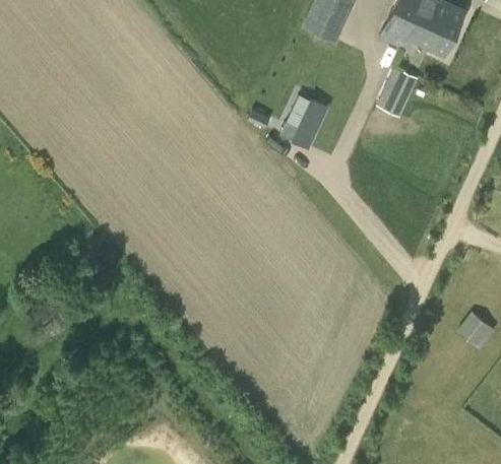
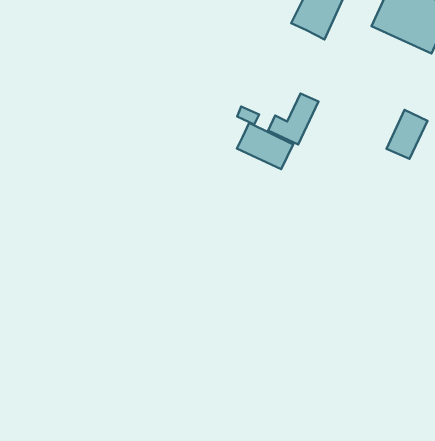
building: [375,68,417,118] -> [387,110,428,159]
building: none -> [237,123,293,169]

